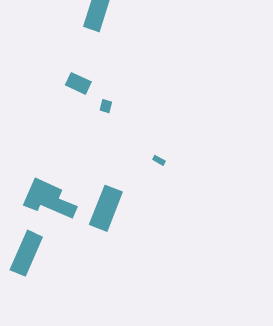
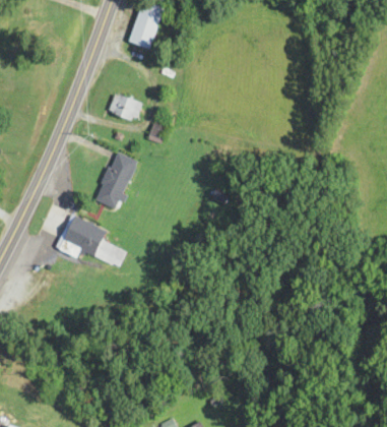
building: [88,183,124,233] -> [94,151,137,209]
building: [8,228,44,278] -> none

